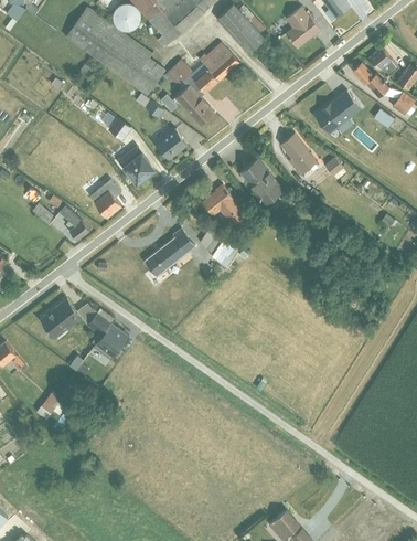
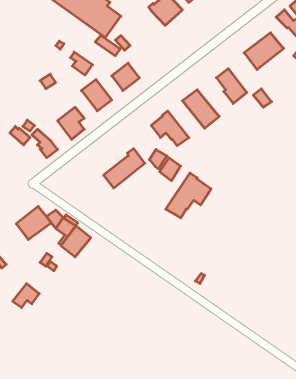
building: [162,60,218,125] -> none
building: none -> [166,173,211,218]

